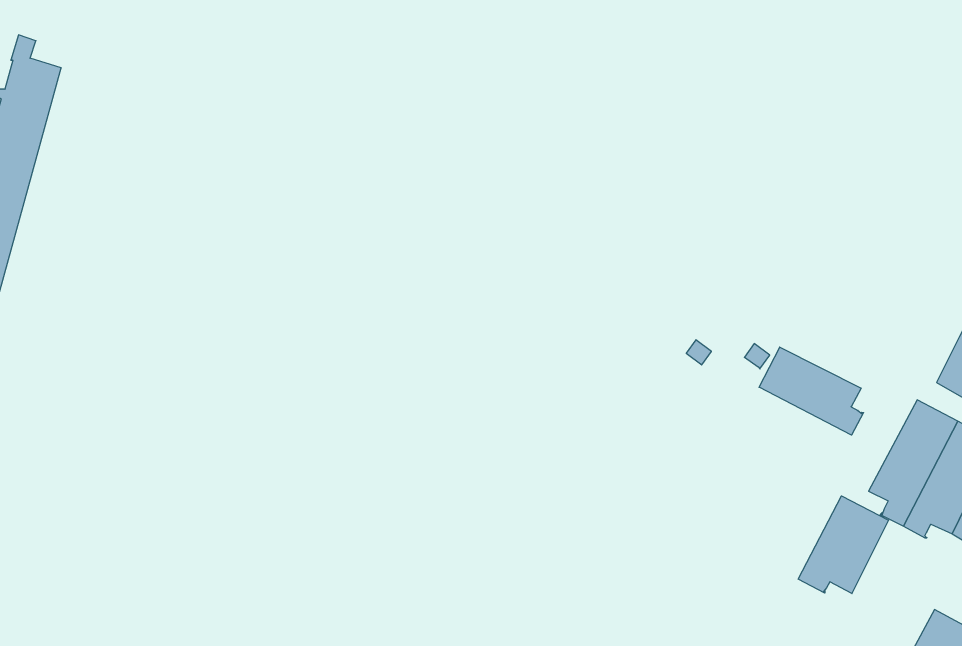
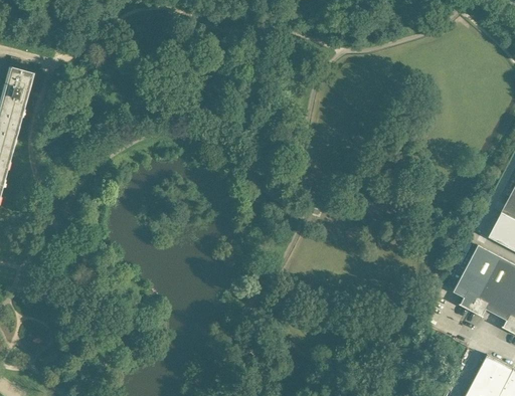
building: [759,347,864,435] -> none
building: [798,496,889,594] -> none

